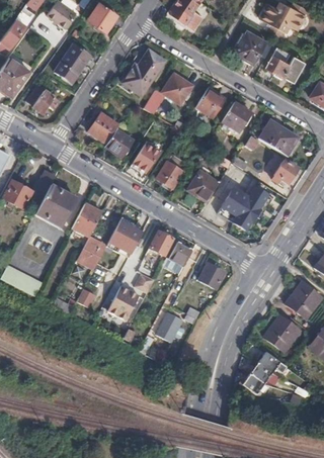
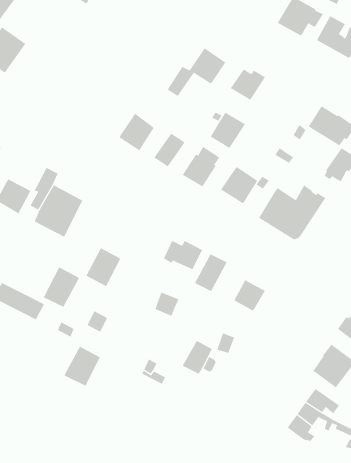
building: [56,44,90,82] -> none
building: [123,50,164,95] -> none
building: [28,86,60,113] -> none
building: [222,101,251,131] -> [210,112,246,149]
building: [89,112,119,143] -> none
building: [72,203,102,237] -> [43,267,80,307]
building: [106,216,144,258] -> none
building: [108,285,139,318] -> [64,346,101,387]

